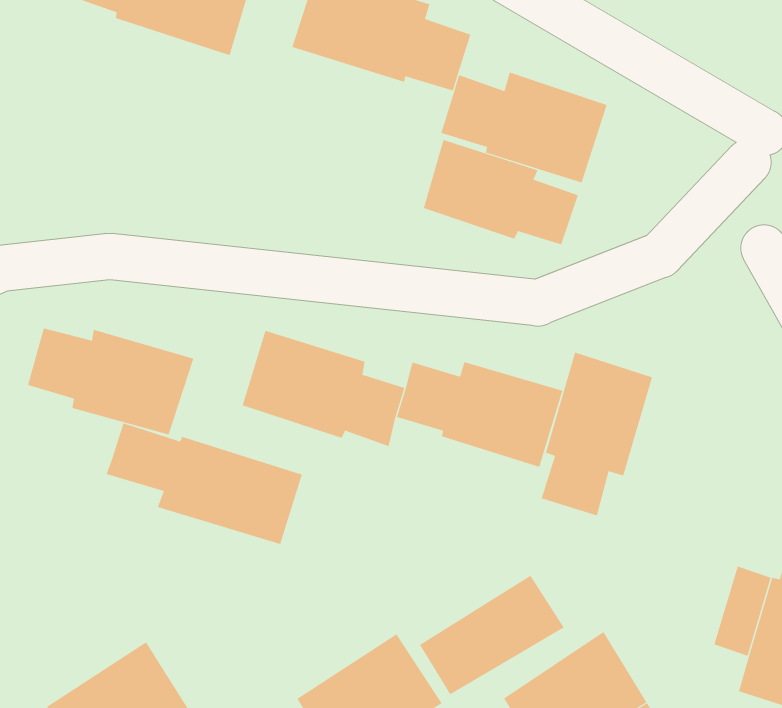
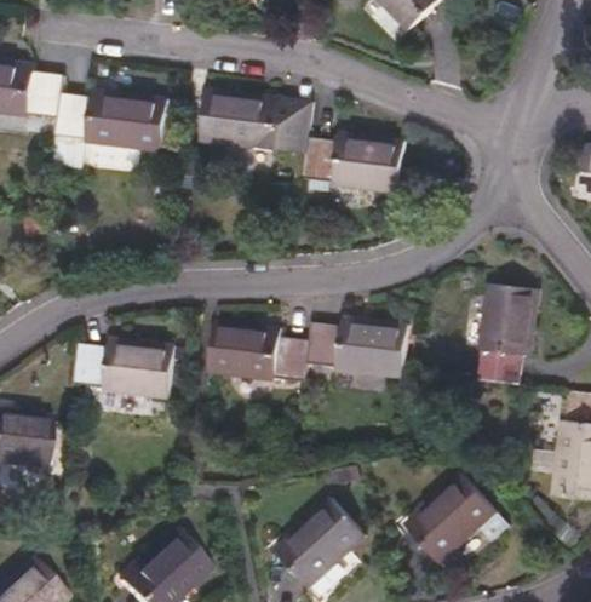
building: [423,139,578,245] -> none
building: [541,352,653,516] -> [478,283,538,384]
building: [106,422,302,545] -> none
building: [419,575,564,695] -> none

